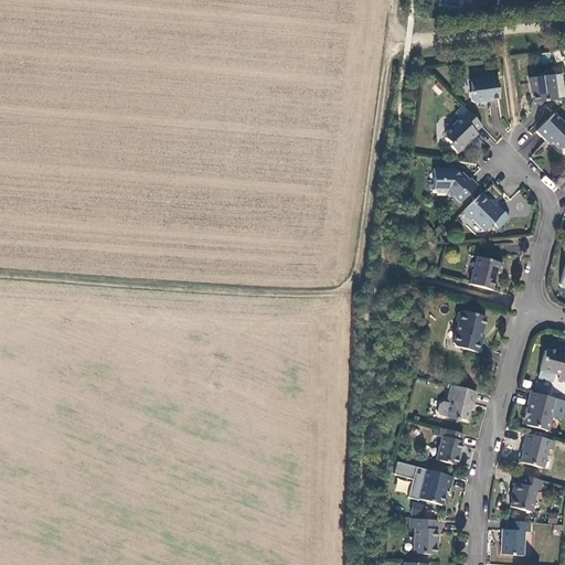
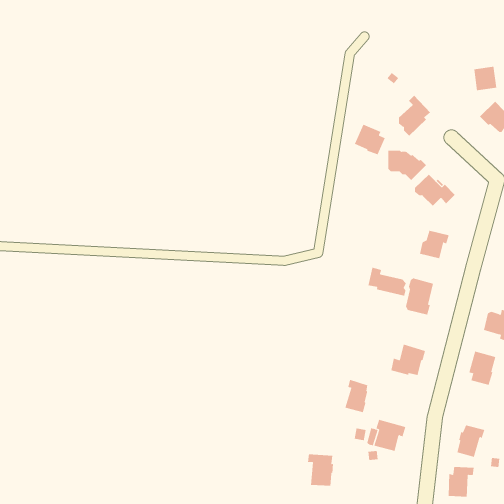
building: [470,76,500,103] -> none
building: none -> [354,124,386,155]
building: none -> [368,267,406,296]
building: [436,427,462,465] -> [345,379,368,413]
building: [521,434,555,468] -> none
building: [409,518,439,554] -> [307,454,334,486]

